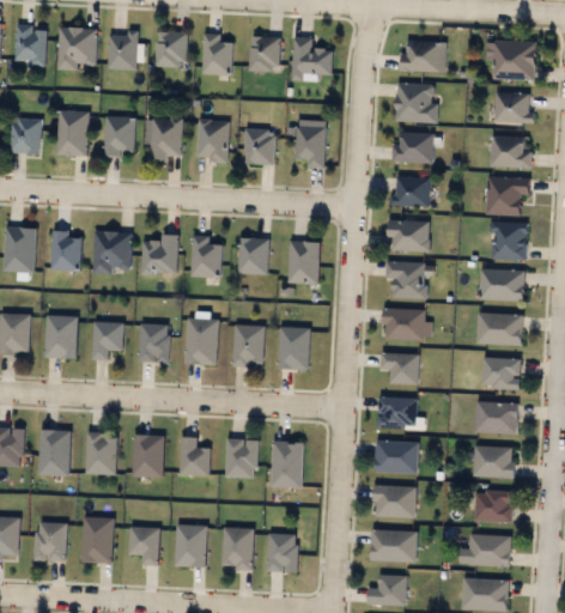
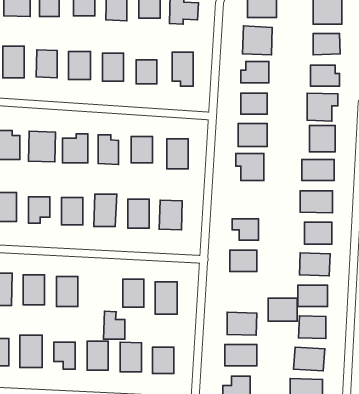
building: [383,309,424,339] -> none
building: [180,436,209,475] -> [104,311,125,339]
building: [376,441,417,473] -> [268,298,297,321]

